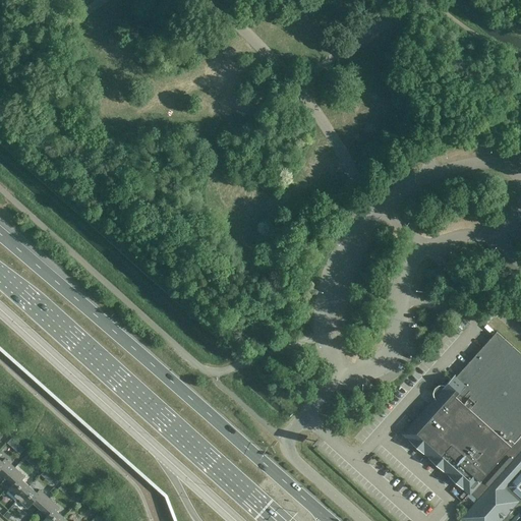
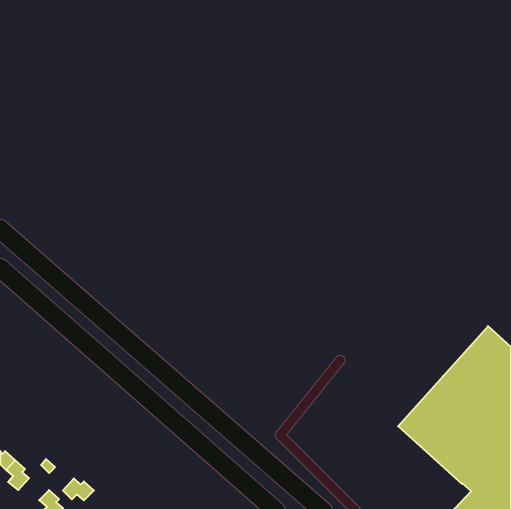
building: [18,488,50,511] -> [63,478,94,500]

